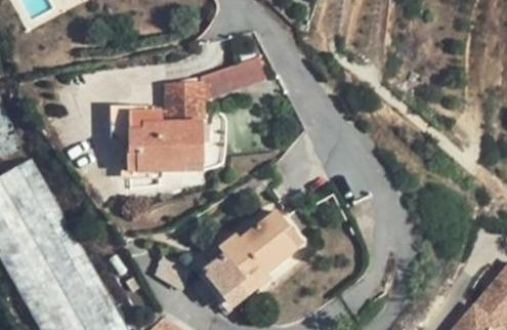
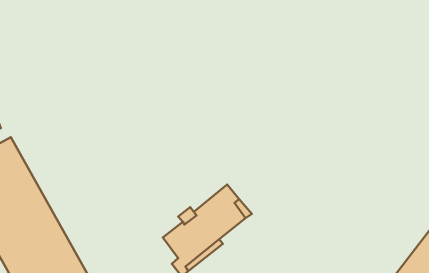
building: [165,55,264,118] -> none
building: [109,105,203,171] -> none

